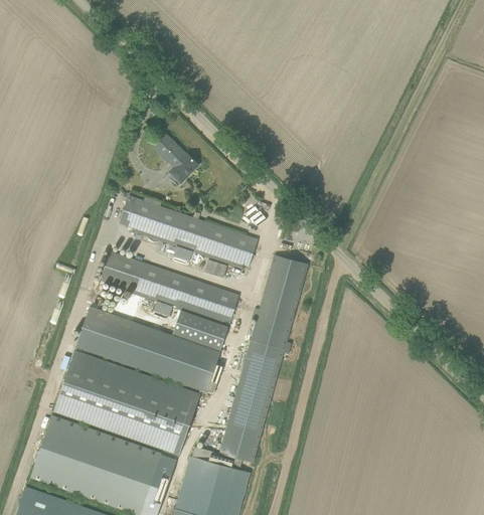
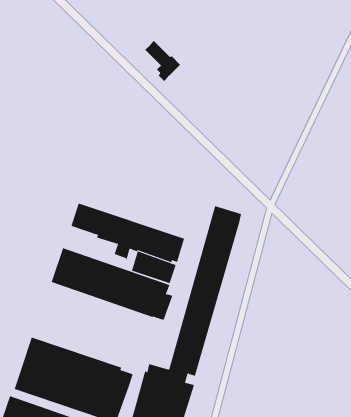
building: [154,135,198,186] -> [145,40,181,82]
building: [119,196,258,270] -> none
building: [53,350,200,456] -> none

